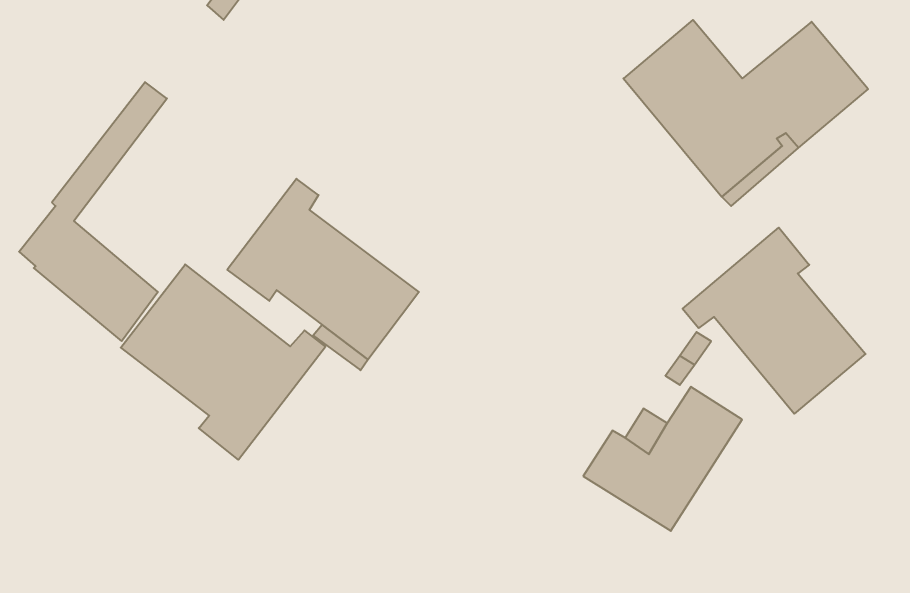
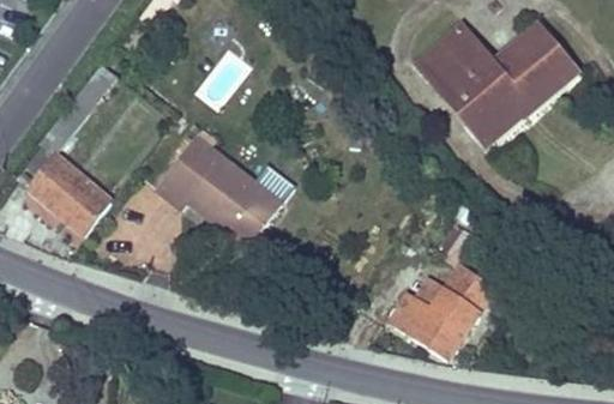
building: [683,228,866,414] -> none
building: [121,264,325,460] -> none

